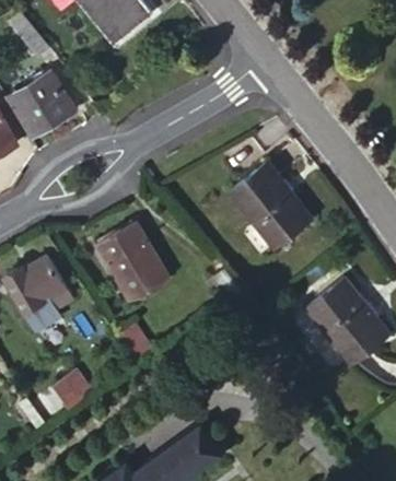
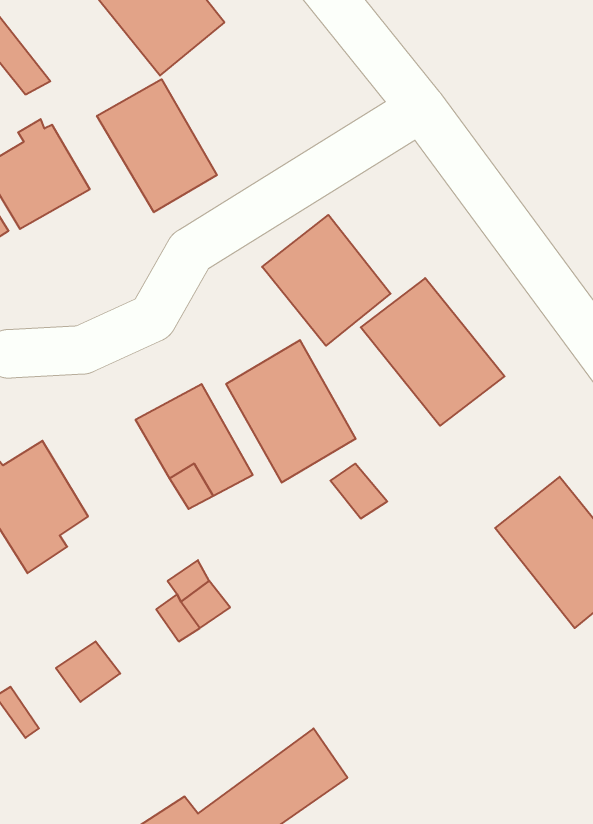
building: none -> [97,79,217,212]
building: none -> [262,215,391,346]
building: none -> [226,340,356,483]

